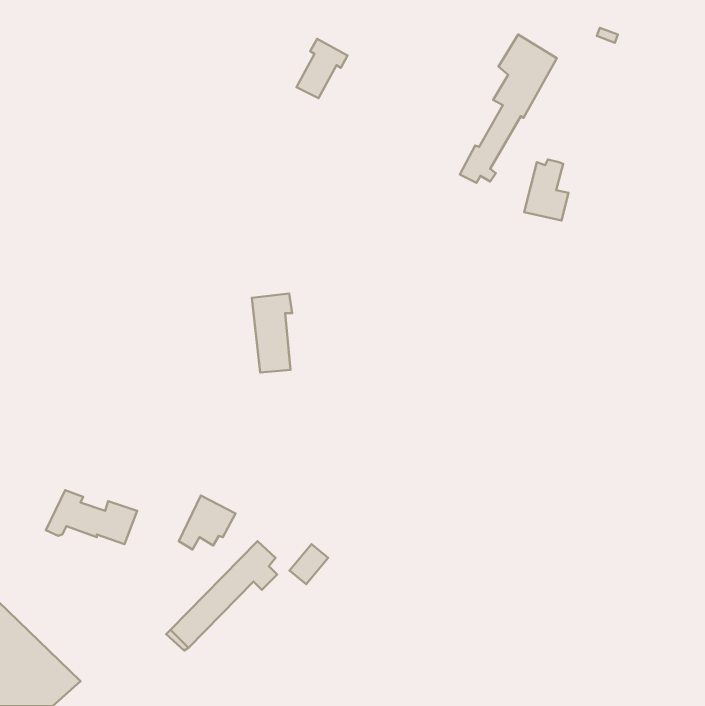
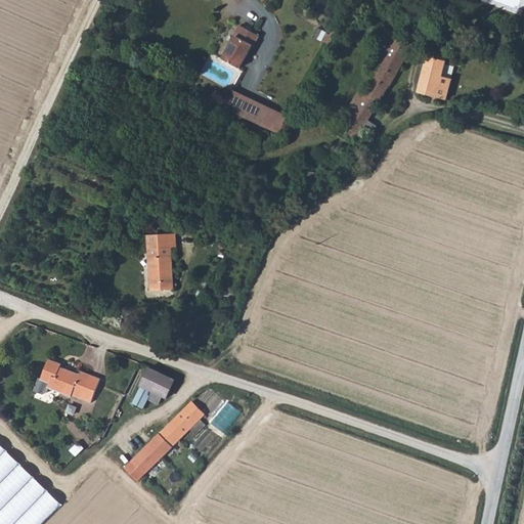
building: none -> [222,90,288,135]
building: [524,160,569,220] -> [416,55,448,100]
building: [252,294,292,373] -> [142,232,172,291]

